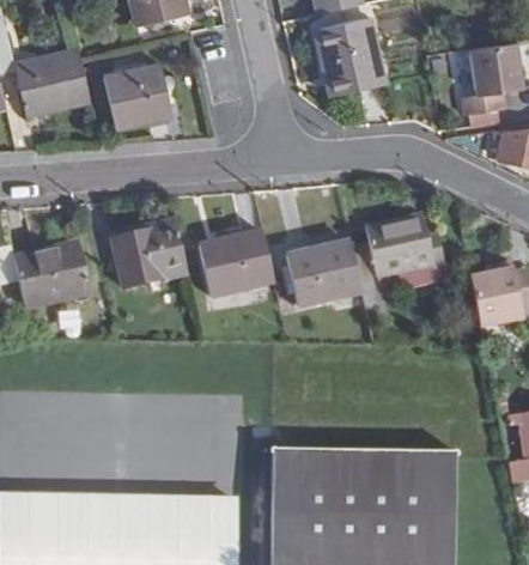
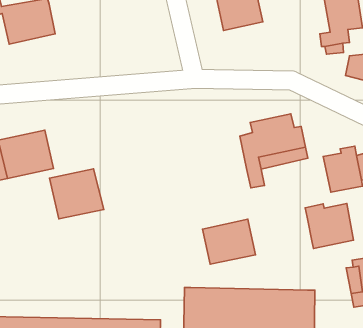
building: [104,62,172,122] -> none
building: [109,214,186,285] -> [49,169,104,219]
building: [197,226,272,290] -> none
building: [286,238,360,302] -> [203,219,255,264]
building: none -> [305,203,353,249]

